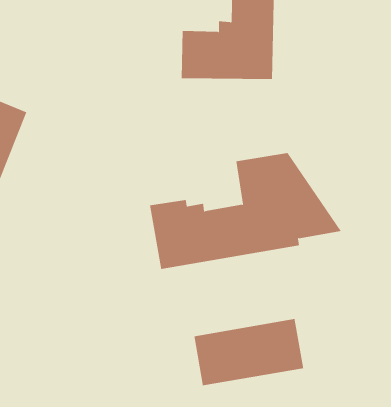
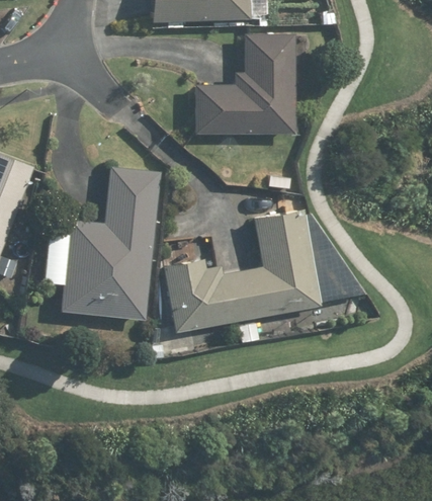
building: none -> [61,167,158,322]
building: [194,318,304,386] -> none

